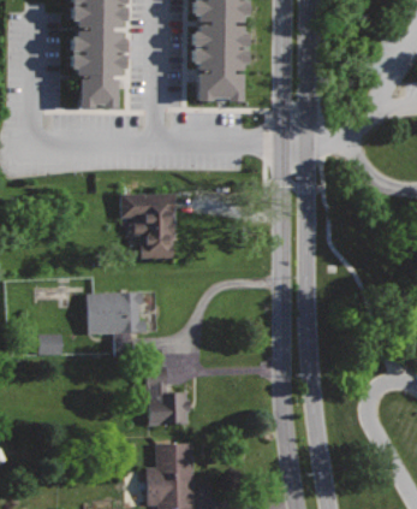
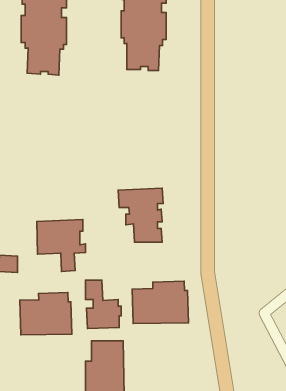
building: [123,191,179,259] -> [118,188,163,242]
building: none -> [132,281,188,323]
building: none -> [20,293,72,335]

